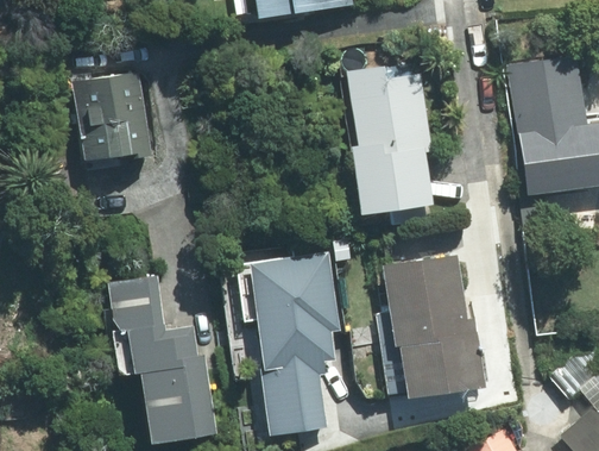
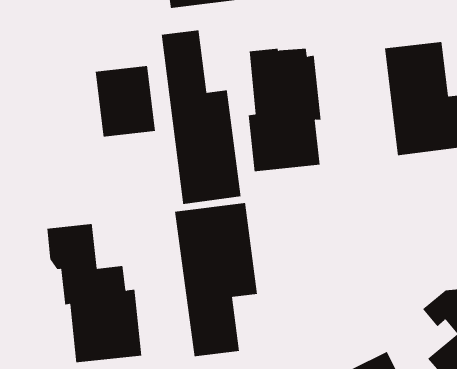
building: none -> [161,29,241,205]
building: [77,74,150,159] -> [95,65,156,137]
building: [379,256,479,396] -> none

